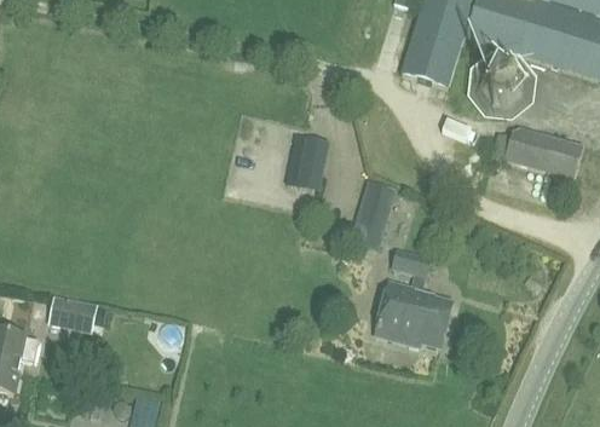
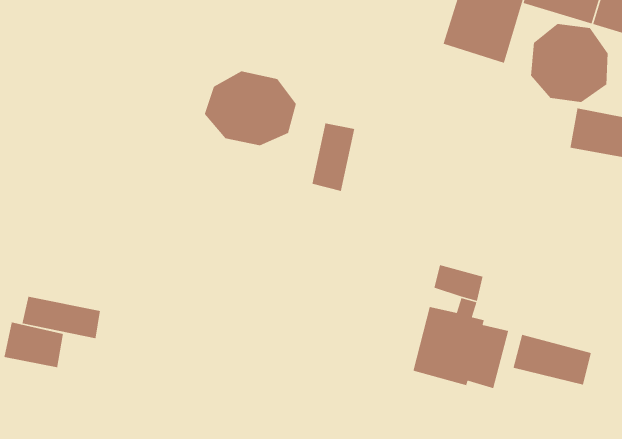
building: none -> [204,70,297,146]
building: [348,179,397,250] -> none
building: none -> [22,296,101,339]
building: none -> [513,334,592,385]

